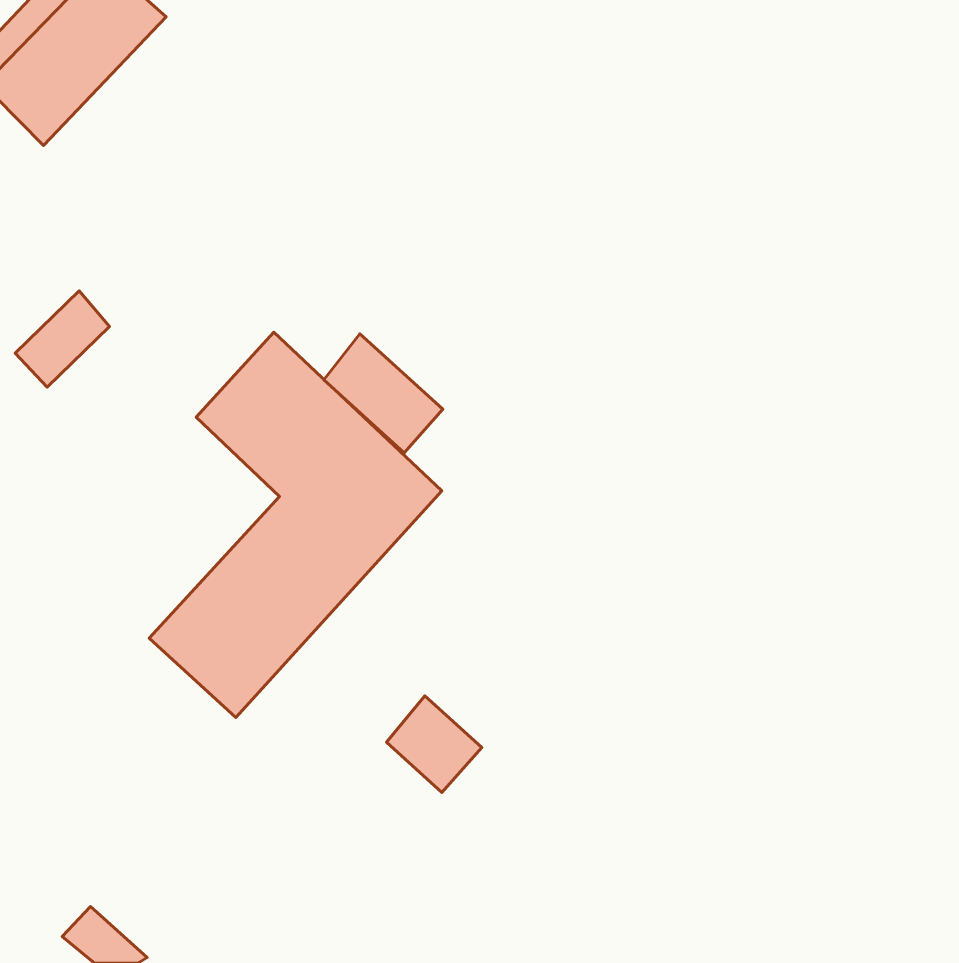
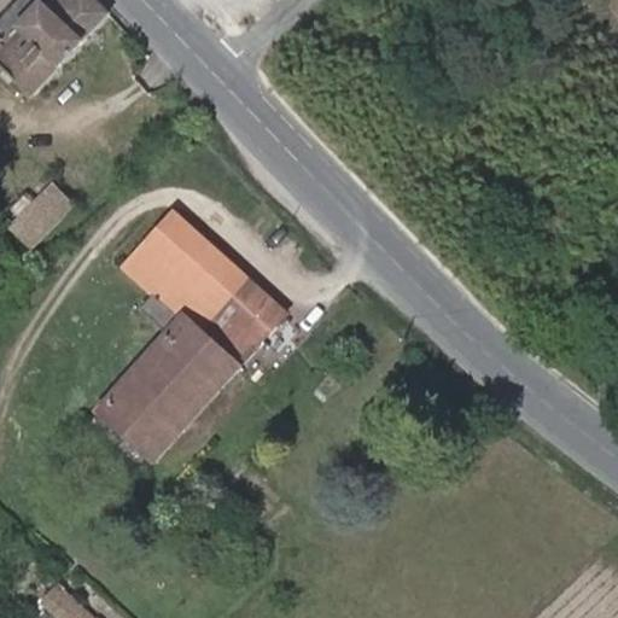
building: [324,334,443,453] -> none
building: [386,696,482,792] -> none

